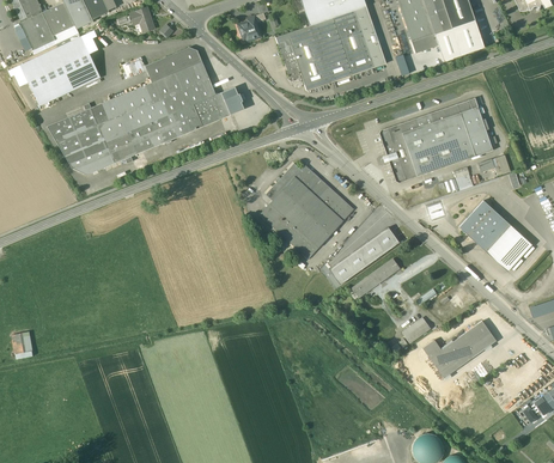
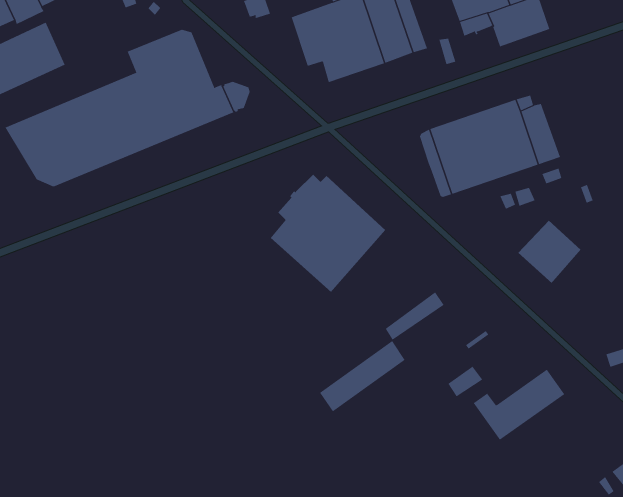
building: [486,224,532,270] -> none
building: [329,226,398,284] -> [319,341,406,412]

